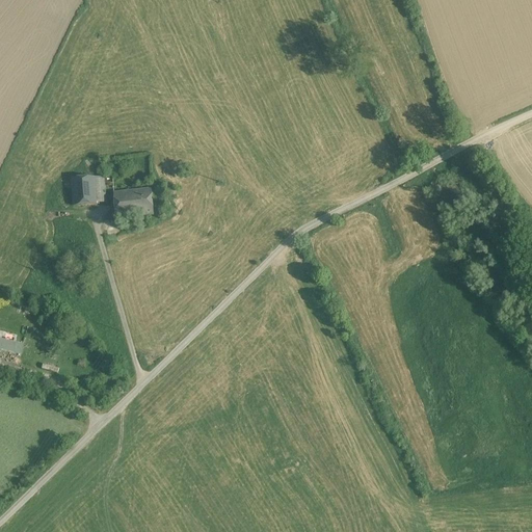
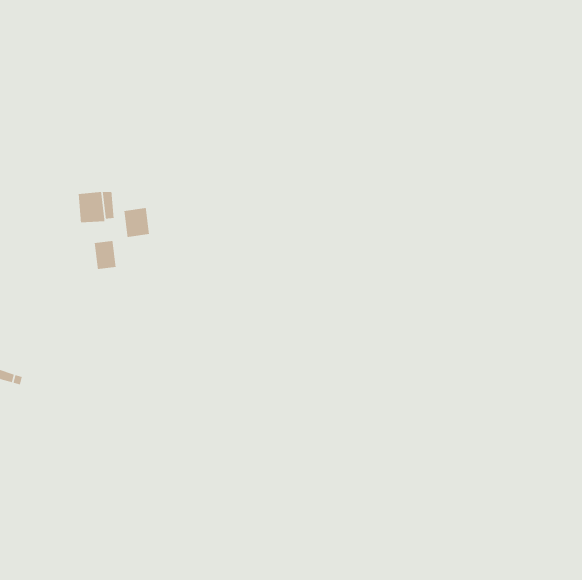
building: [133,186,154,213] -> [94,240,117,270]

